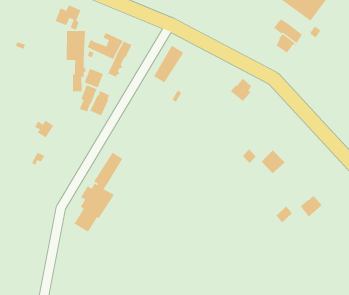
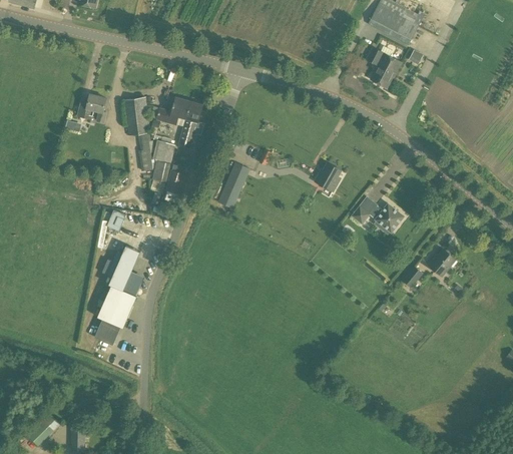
building: [55,5,81,31] -> [76,94,105,123]
building: [153,45,184,83] -> [217,161,249,207]
building: [230,78,252,102] -> [315,162,340,190]
building: [74,152,123,233] -> [93,246,139,345]

